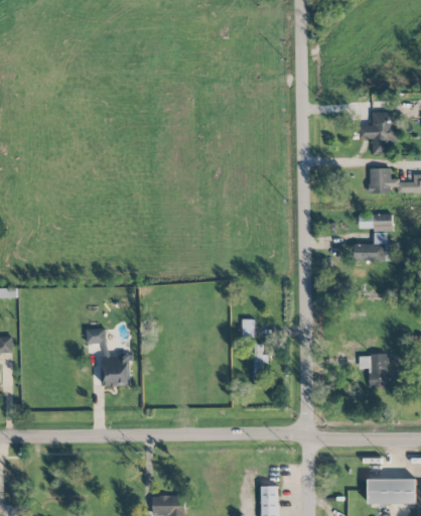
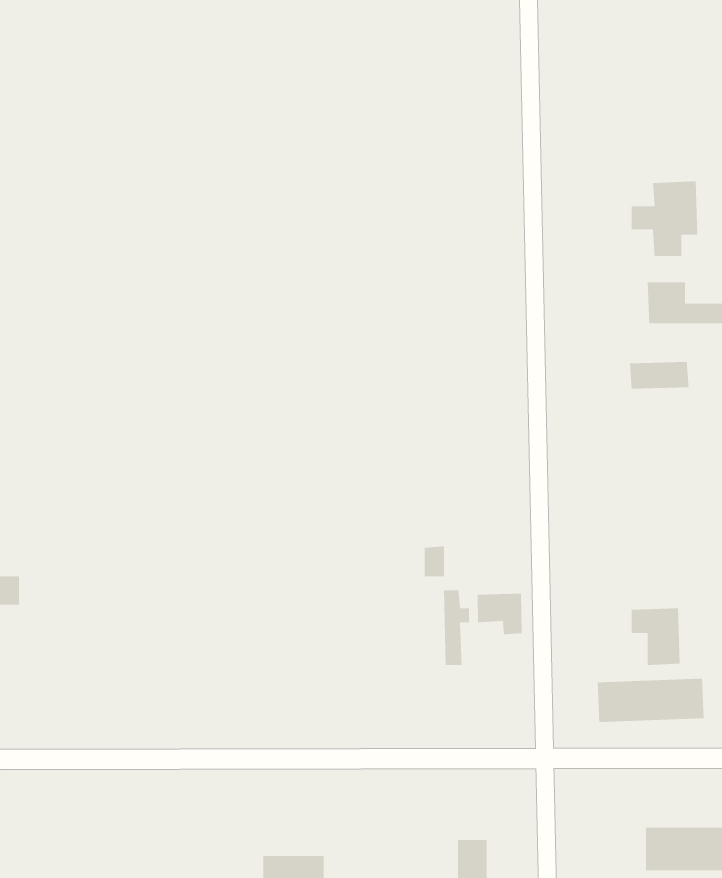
building: [354,232,392,261] -> none
building: [86,329,130,385] -> none
building: none -> [477,593,523,635]
building: none -> [597,678,705,723]

